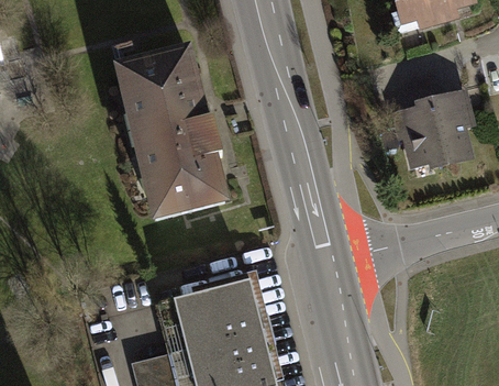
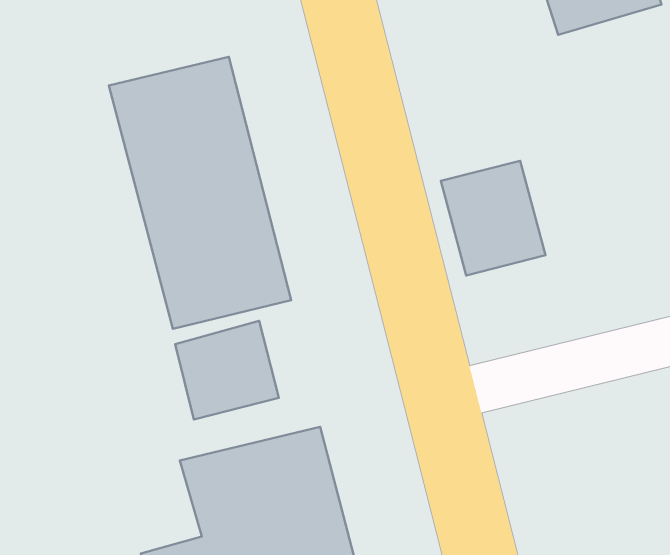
building: [401,95,469,169] -> [441,161,546,276]
building: none -> [175,321,279,420]

